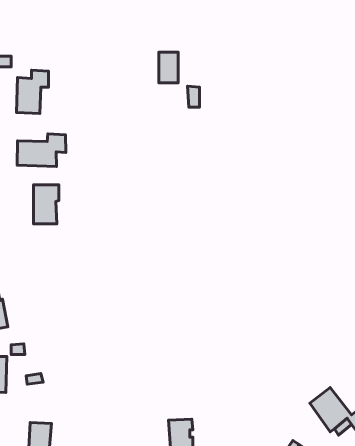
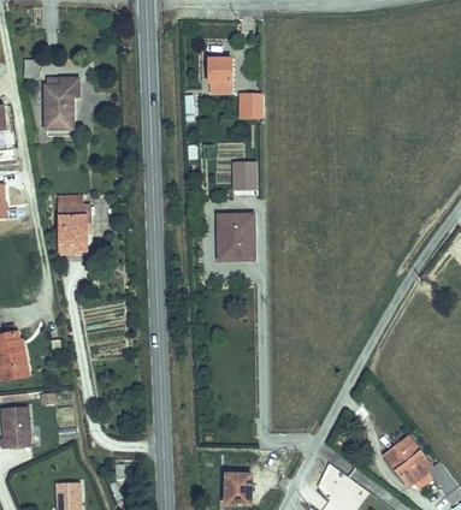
building: [17,134,66,166] -> none
building: none -> [230,159,253,186]
building: none -> [214,212,250,259]

